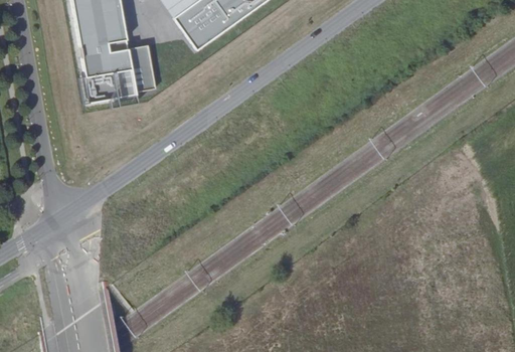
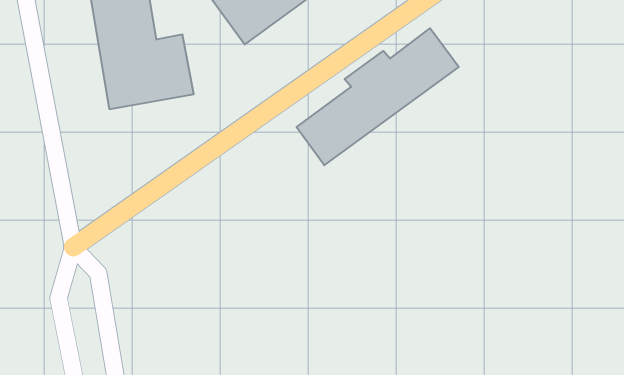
building: none -> [297,28,459,165]

